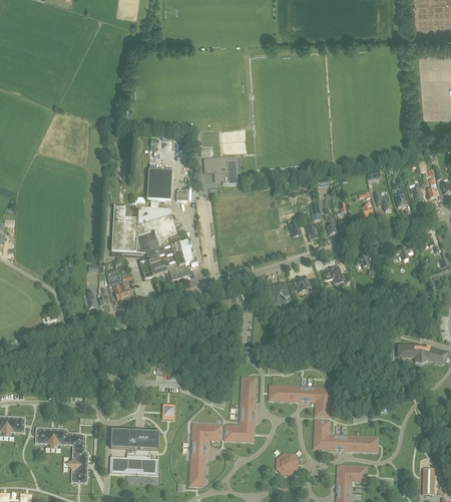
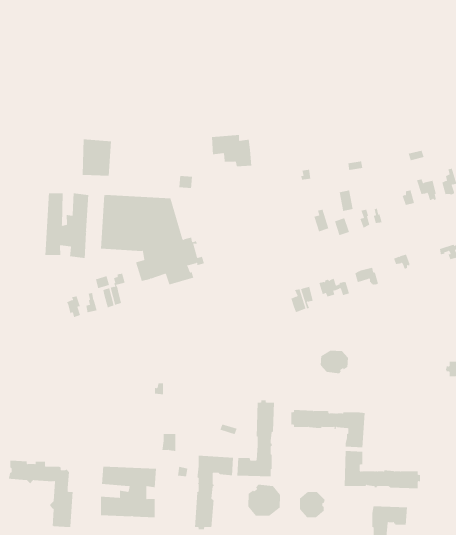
building: [146,169,171,200] -> [82,139,112,176]
building: none -> [45,193,89,259]
building: none -> [320,350,349,374]
building: none -> [248,484,281,517]

